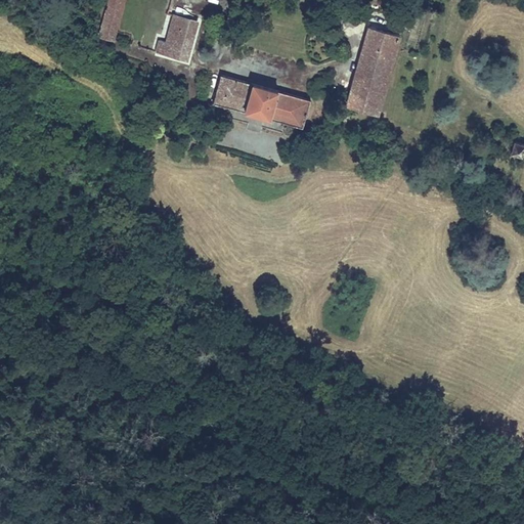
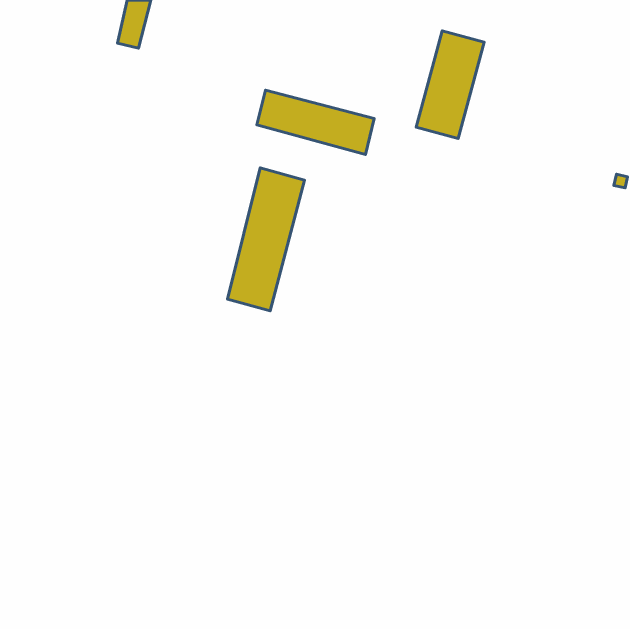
building: [155,15,199,61] -> none
building: none -> [227,168,304,311]

